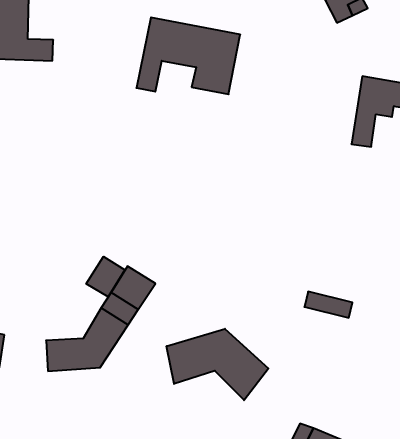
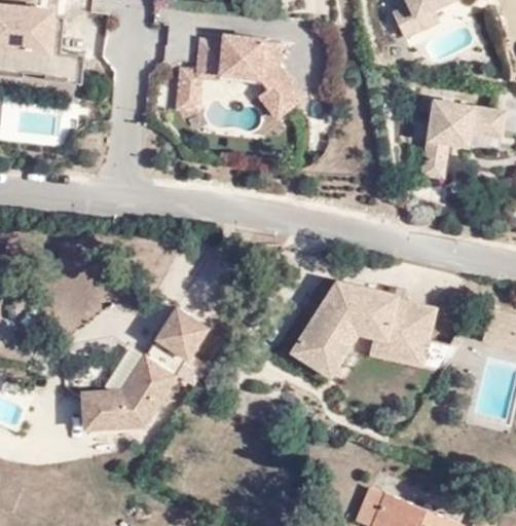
building: none -> [295,276,439,372]
building: [86,257,125,297] -> none
building: [167,329,268,400] -> none

